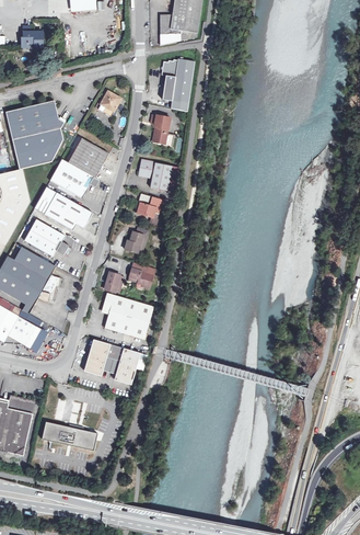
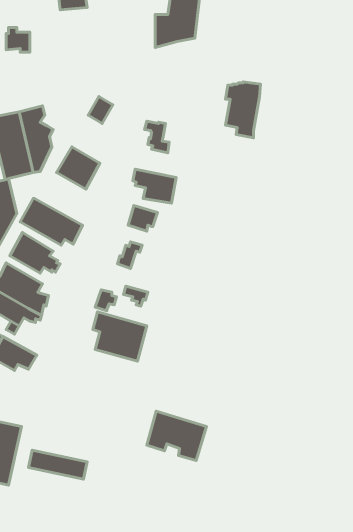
building: [161,58,194,111] -> [225,82,261,138]
building: [49,159,100,198] -> none
building: [84,339,140,385] -> [147,411,207,460]

